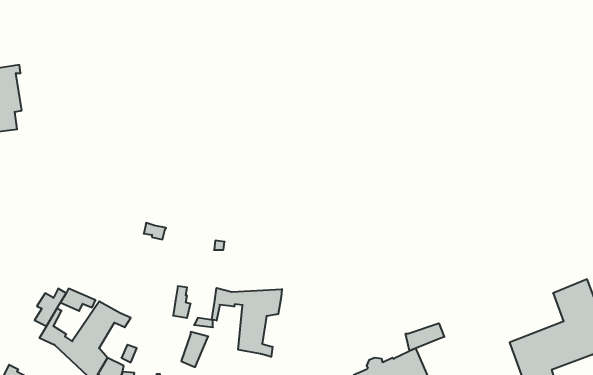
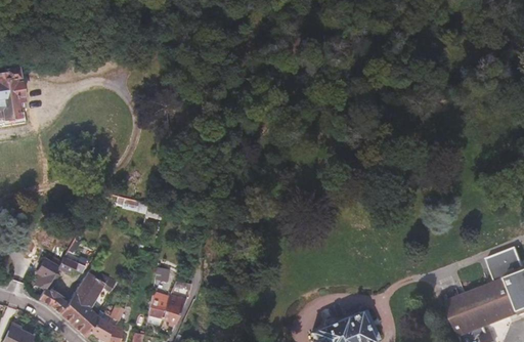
building: [212,288,282,357] -> none
building: [406,323,444,351] -> none
building: none -> [146,290,171,325]

